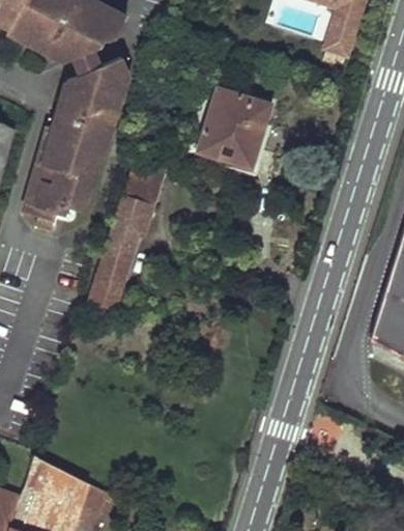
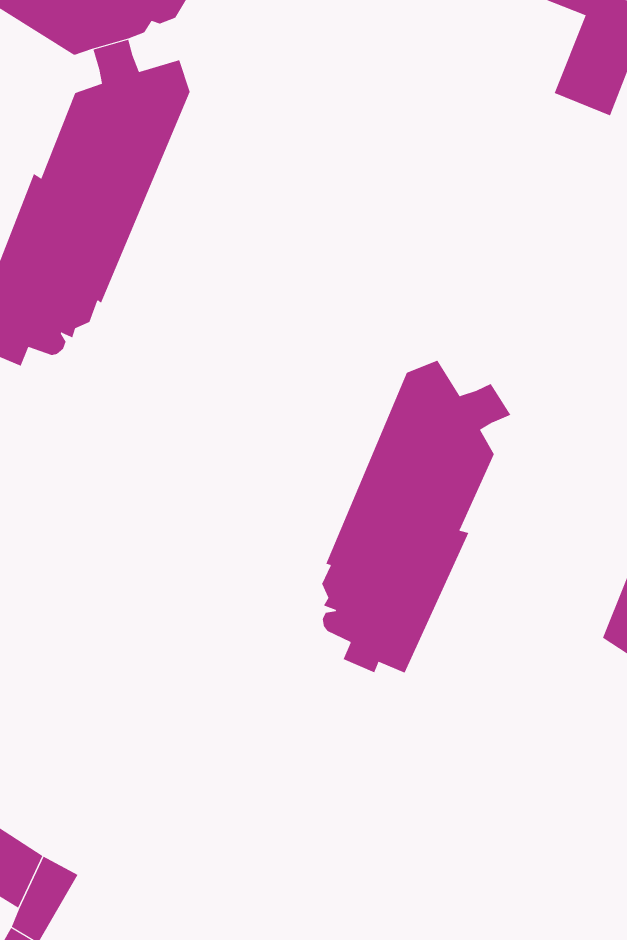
building: [195,87,268,169] -> none
building: [87,152,165,318] -> none
building: none -> [321,360,511,674]

